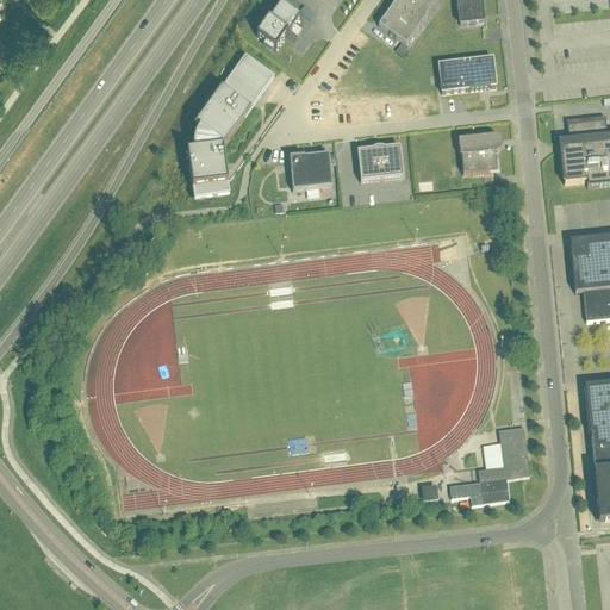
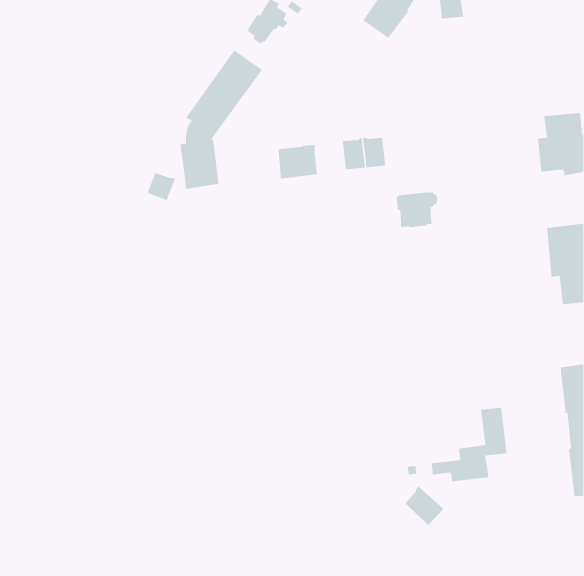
building: [437,55,496,88] -> none
building: [458,132,502,170] -> [396,192,438,228]
building: none -> [147,172,176,201]
building: none -> [404,485,444,526]

